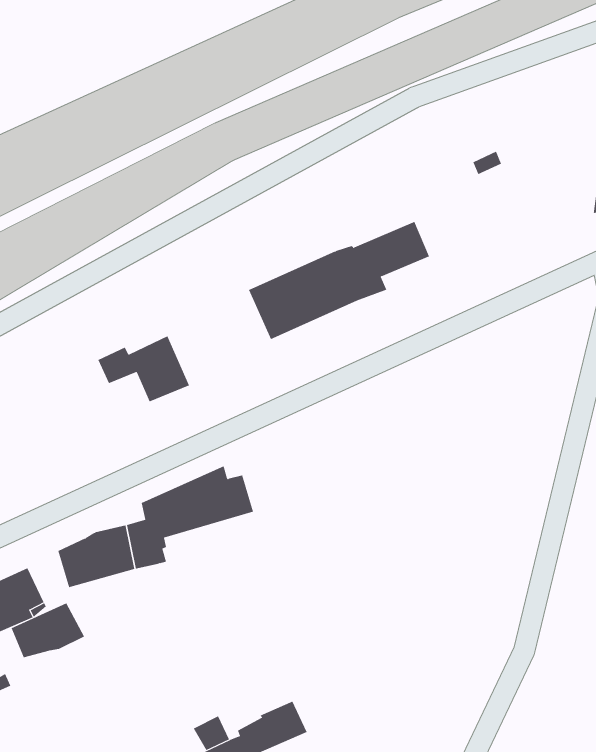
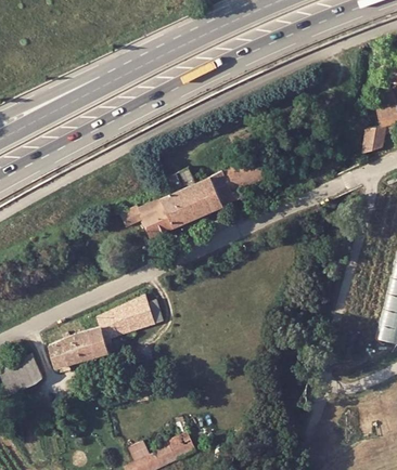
building: [97,336,190,402] -> [118,196,172,235]
building: [11,603,85,658] -> none

